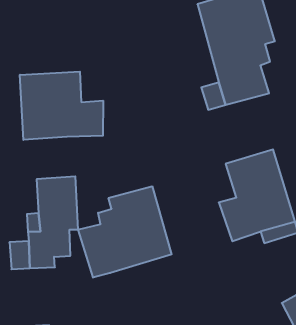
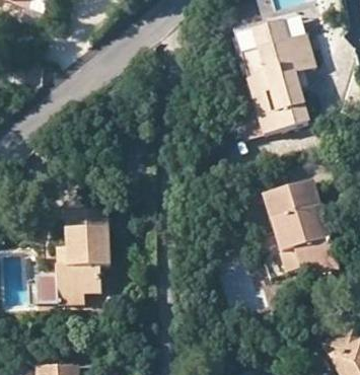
building: [20,72,103,140] -> none
building: [78,186,172,278] -> none

